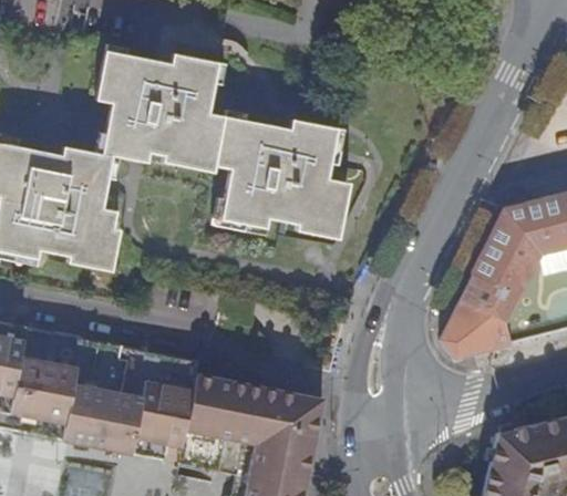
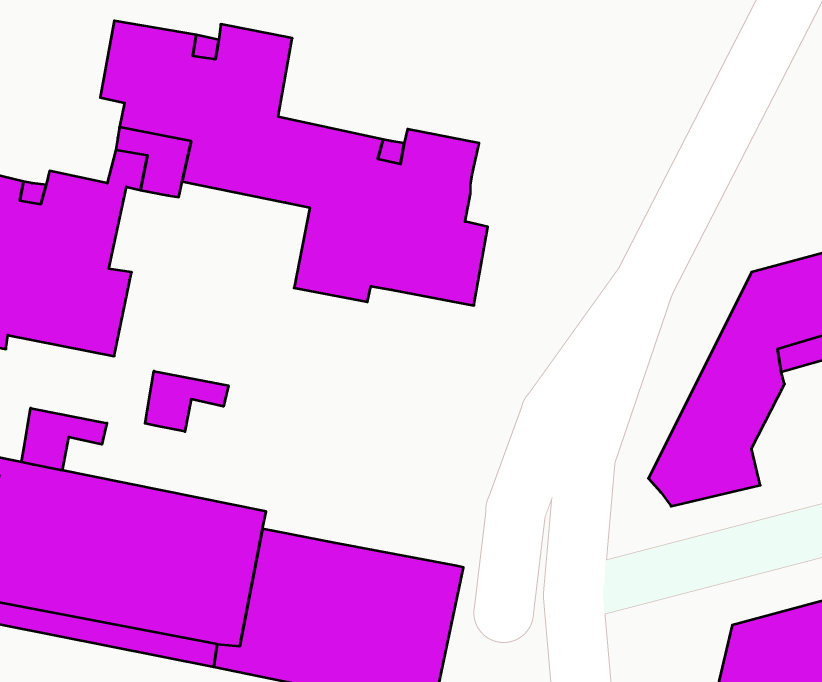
building: none -> [145,371,228,432]
building: none -> [22,408,107,470]

